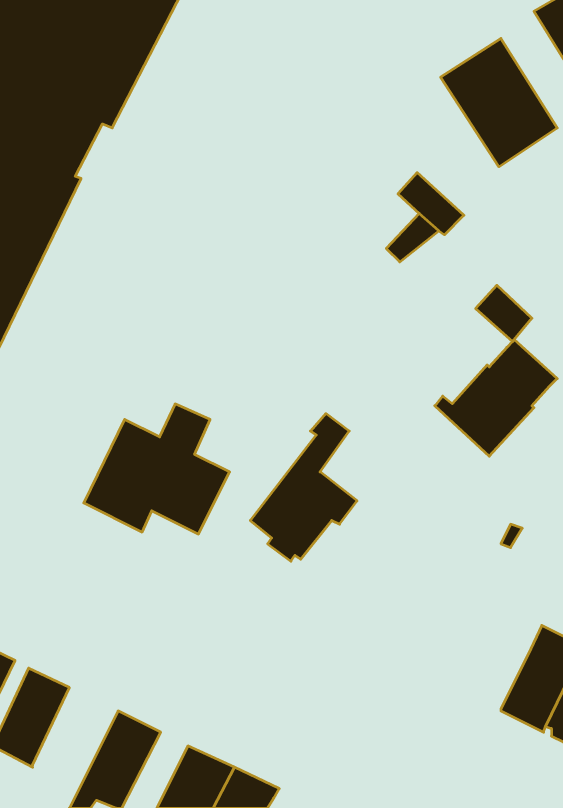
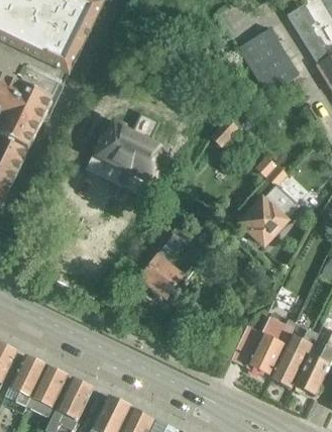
building: [84,404,230,534] -> [93,114,169,182]
building: none -> [232,317,294,376]
building: none -> [26,365,68,417]

